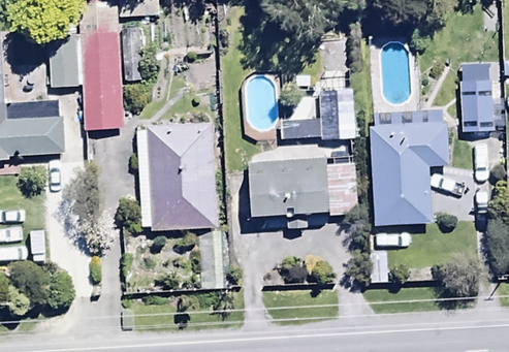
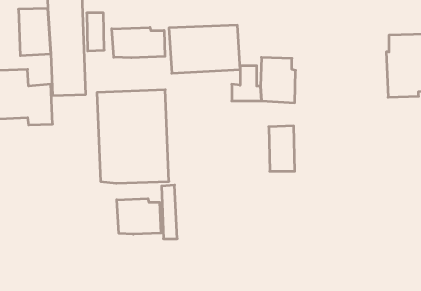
building: none -> [112,27,165,58]
building: [368,110,448,227] -> none
building: [246,159,325,213] -> [169,25,240,73]
building: none -> [117,199,161,234]

